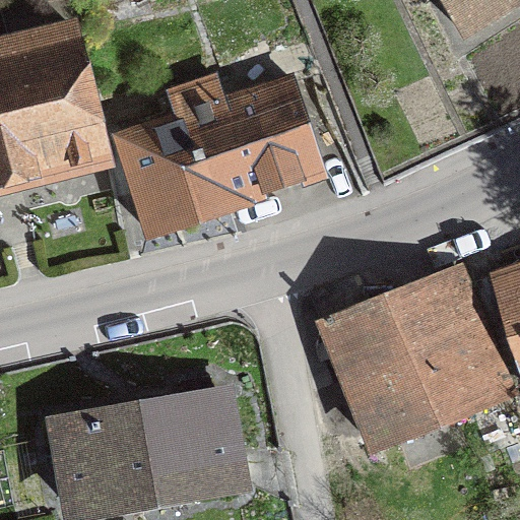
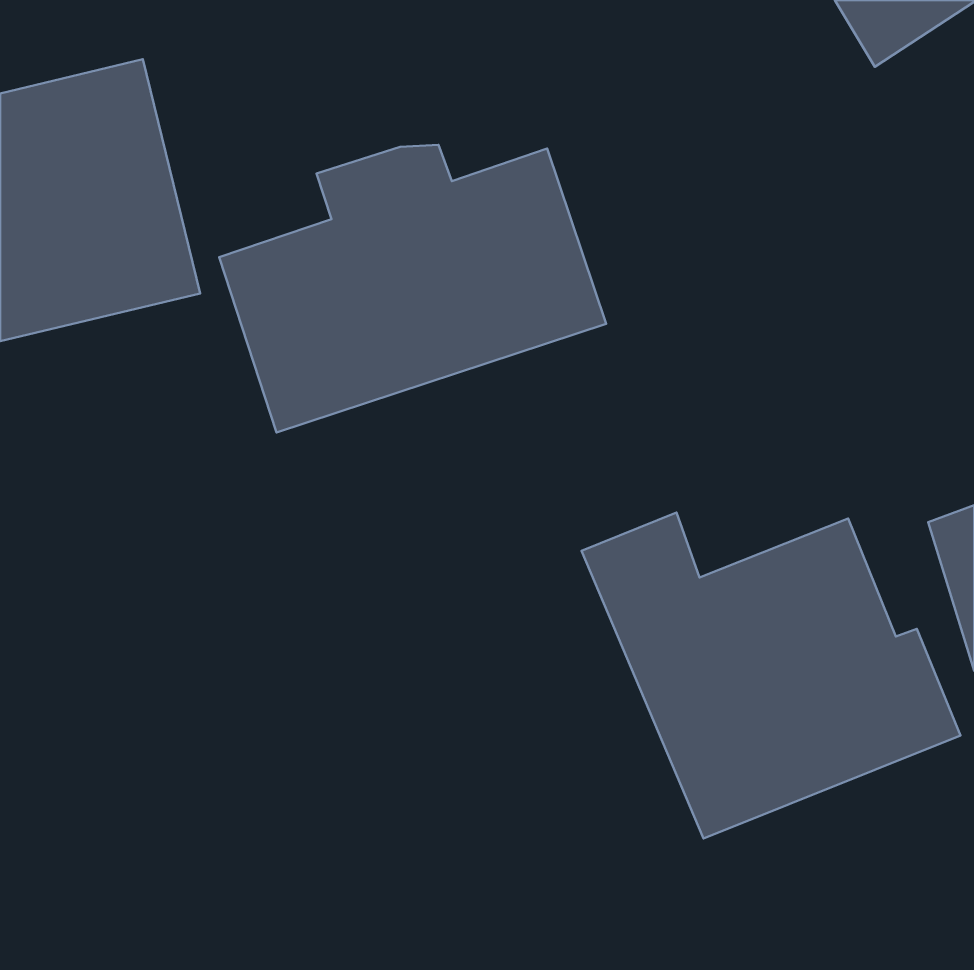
building: [63,400,234,514] -> none

